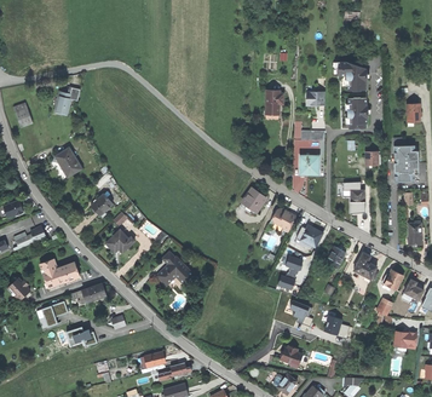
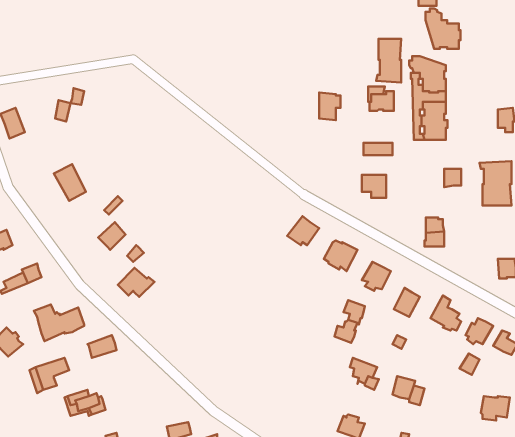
building: none -> [425,8,460,49]
building: none -> [376,39,401,83]
building: [156,252,195,286] -> none

